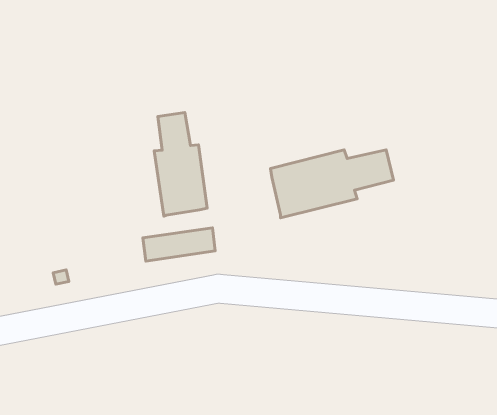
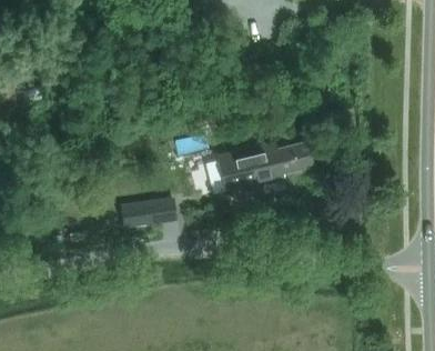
building: [154,112,207,216] -> none

